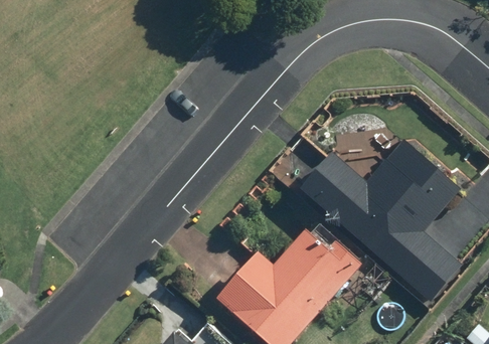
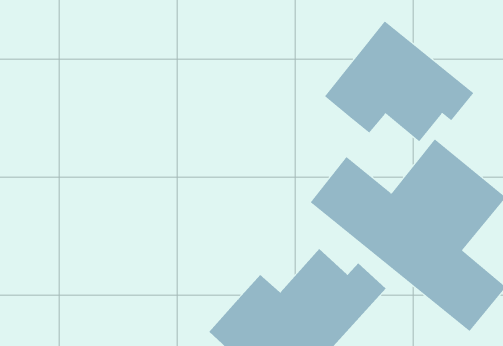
building: none -> [324,21,474,142]

